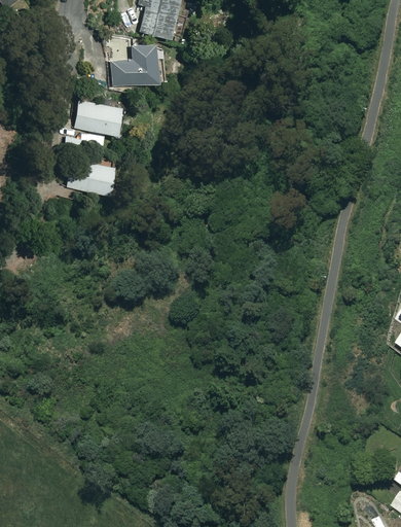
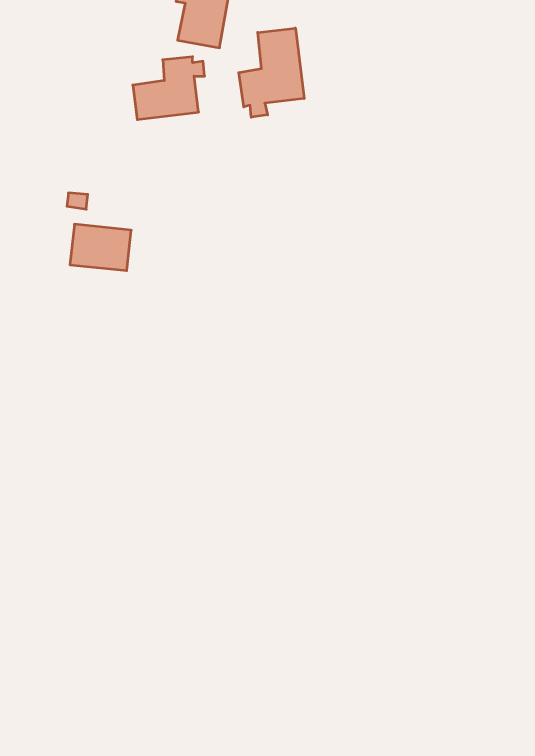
building: none -> [239,28,304,117]
building: [75,95,118,133] -> none

